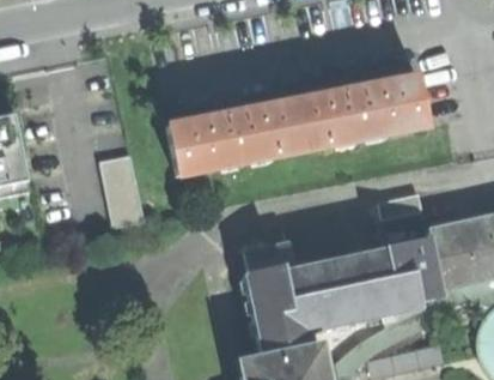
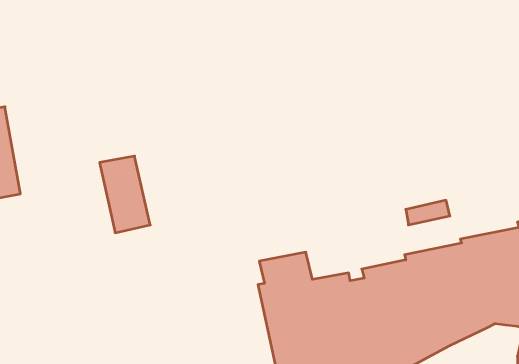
building: [169,74,428,173] -> none

